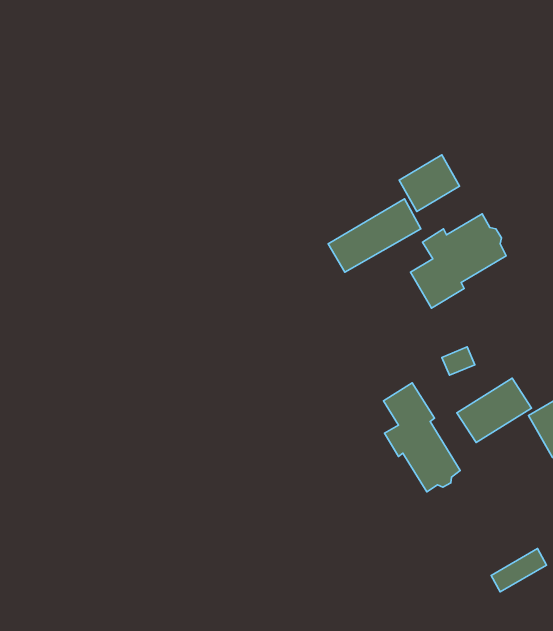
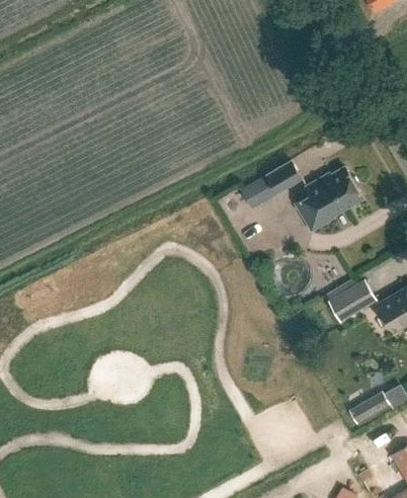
building: [399,155,460,212] -> none
building: [384,383,460,492] -> none

